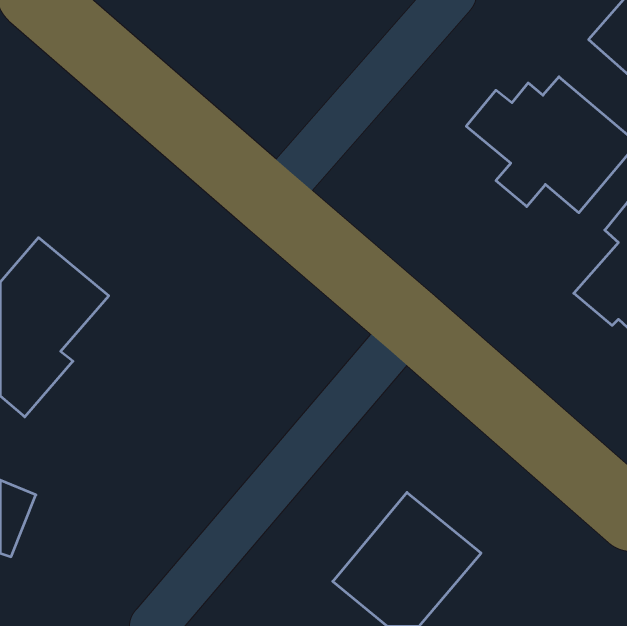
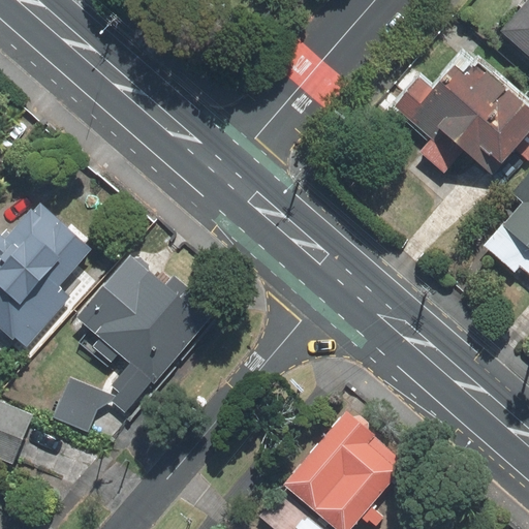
building: none -> [53,253,207,434]

